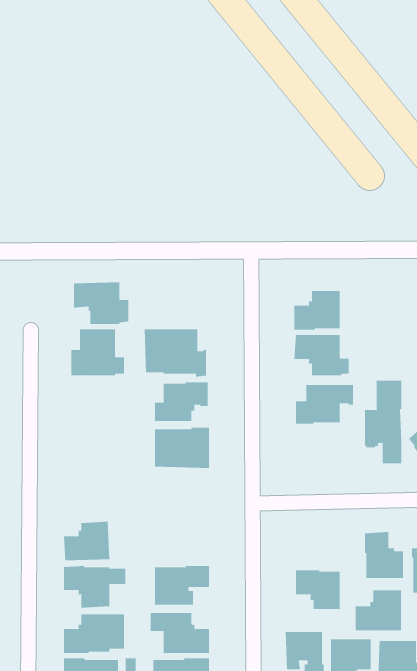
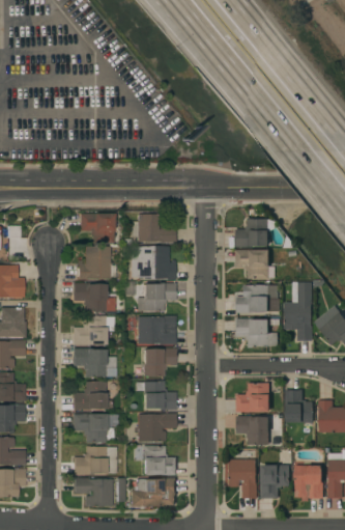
building: none -> [131,214,175,242]
building: none -> [73,283,115,311]
building: none -> [73,315,114,344]
building: none -> [236,318,278,347]
building: none -> [73,348,116,378]
building: none -> [143,348,176,376]
building: none -> [136,381,176,410]
building: [355,590,402,631] -> [236,383,269,412]

